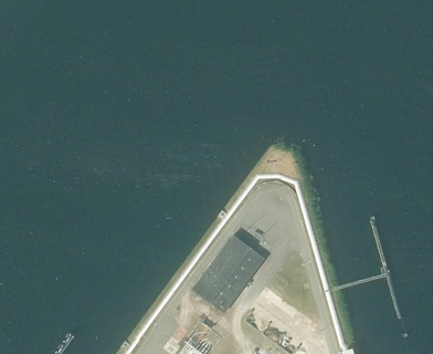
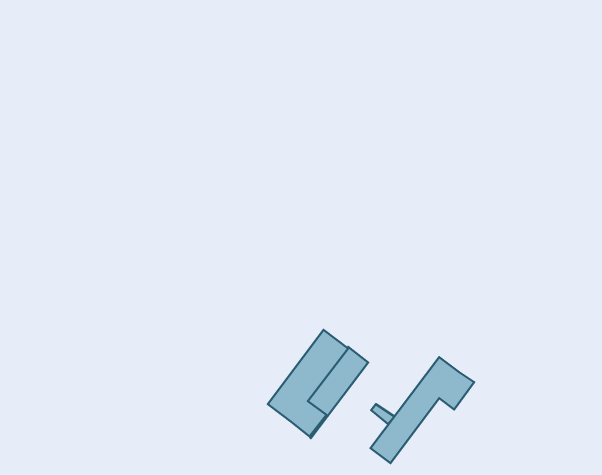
building: none -> [371,357,474,463]

